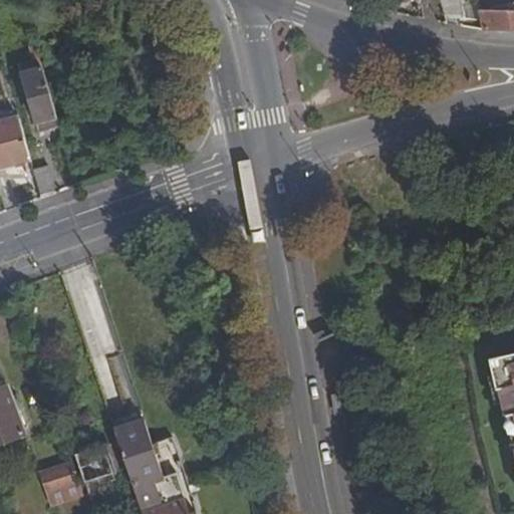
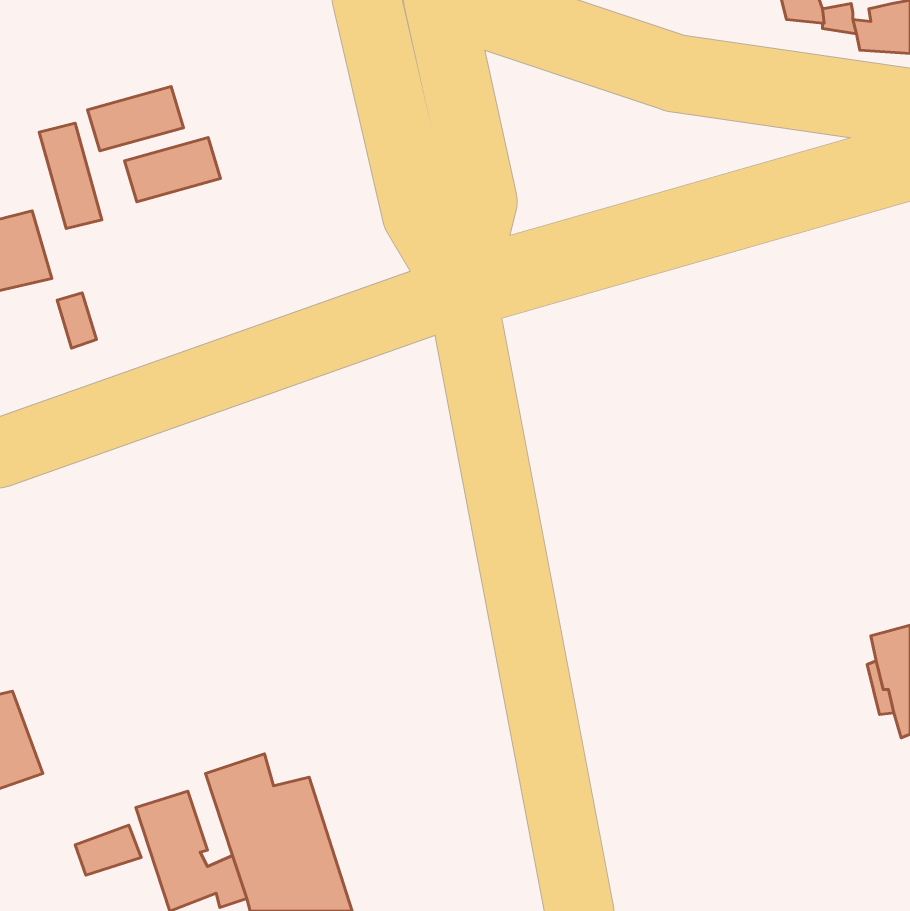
building: none -> [87,87,183,151]
building: none -> [124,138,221,202]

